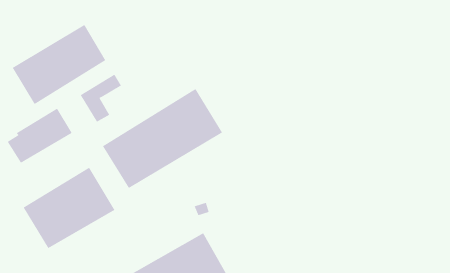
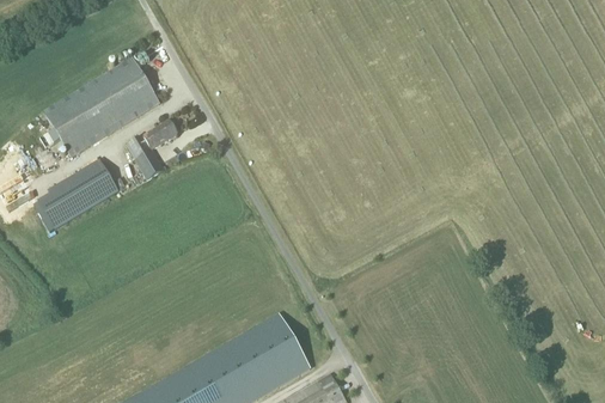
building: [102,88,223,189] -> none
building: [23,167,115,249] -> none

